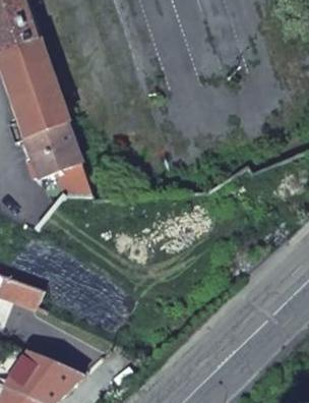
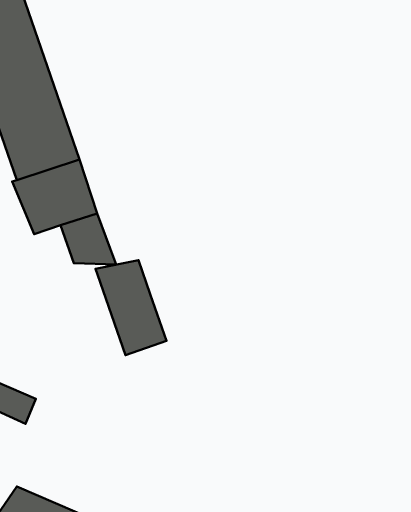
building: none -> [96,260,166,355]

